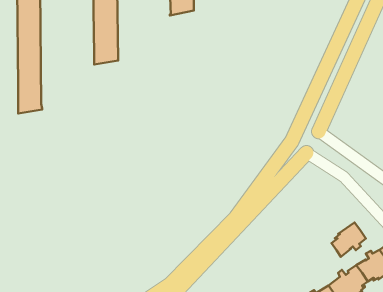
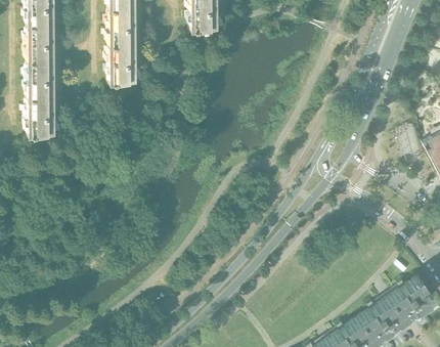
building: [331,223,366,257] -> none

